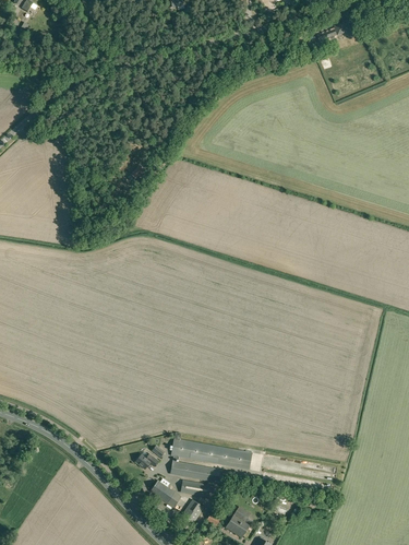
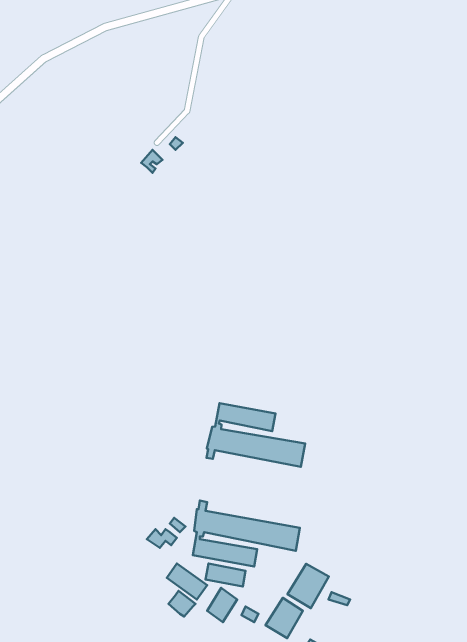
building: none -> [206,403,305,467]
building: none -> [288,564,329,608]

